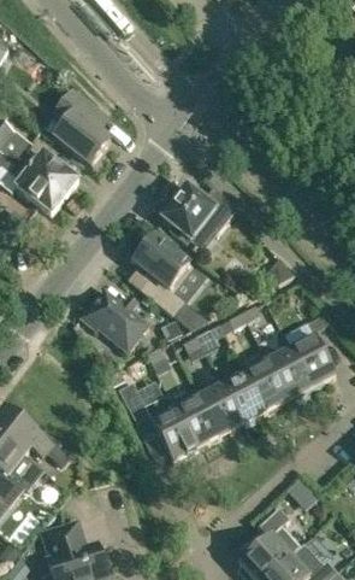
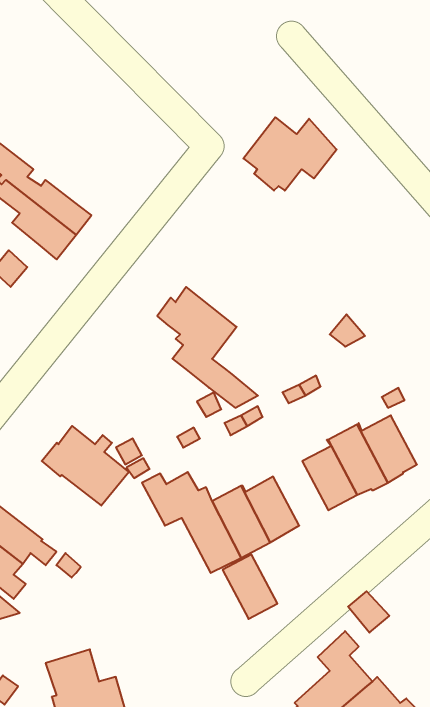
building: [48,84,111,162] -> none
building: [161,183,235,241] -> [243,117,337,191]
building: [81,287,149,350] -> [42,426,129,506]
building: [221,371,265,422] -> [223,555,277,619]

